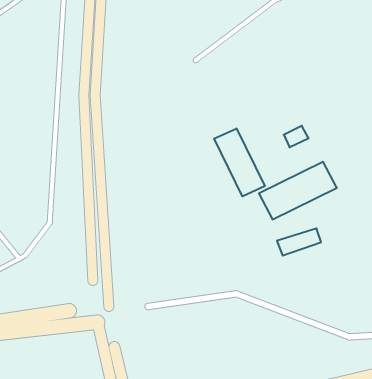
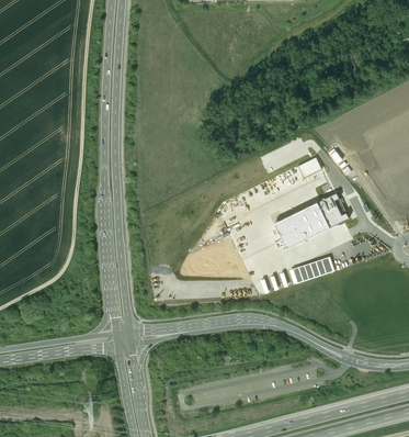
building: [214,128,265,196] -> none

